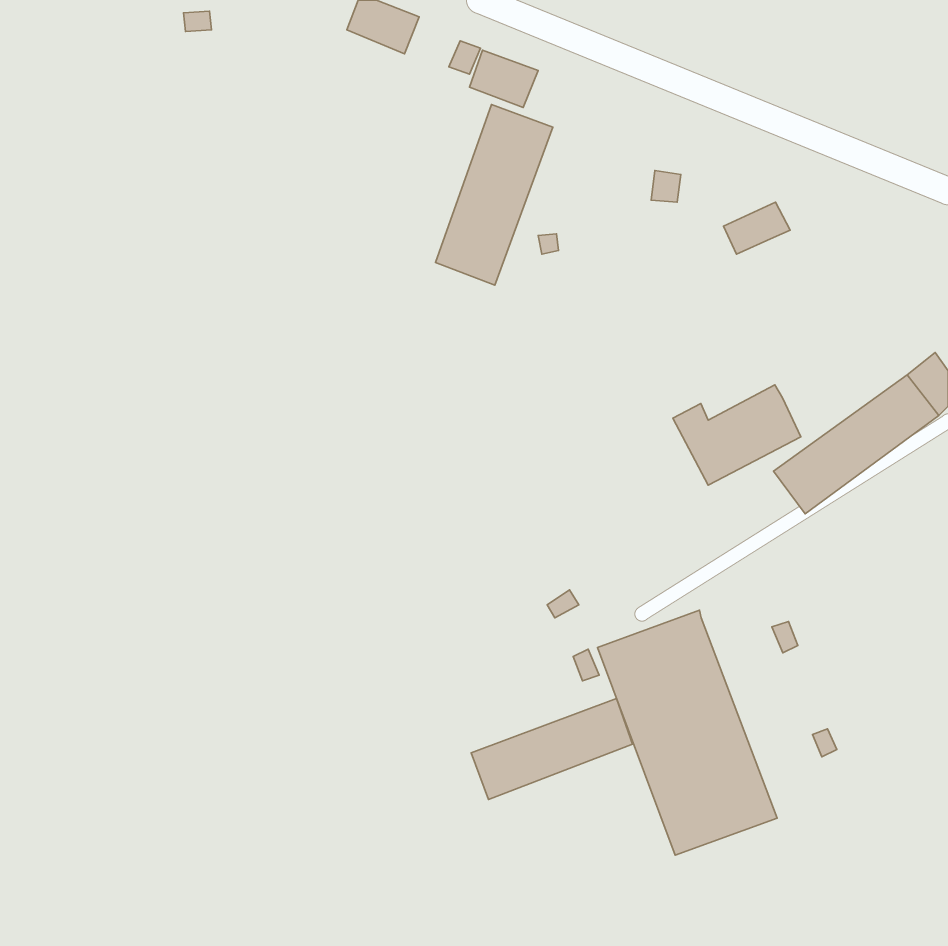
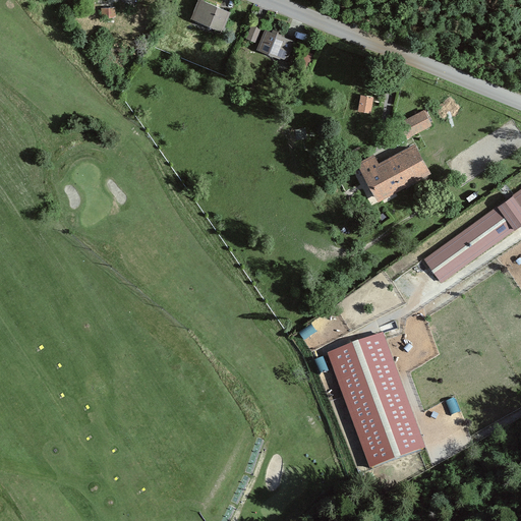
building: [436,105,553,285] -> none
building: [673,385,801,485] -> [359,143,429,198]
building: [471,698,632,800] -> none

